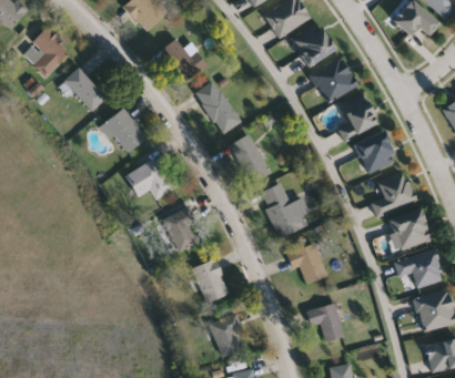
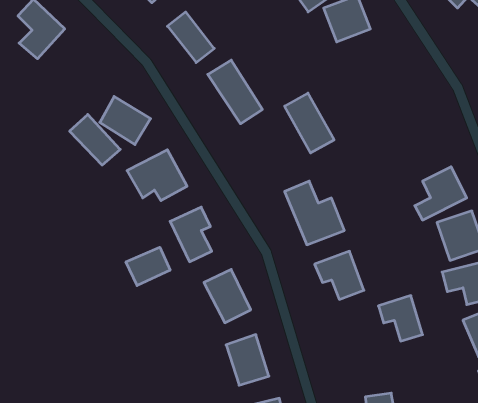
building: [310,57,357,103] -> none
building: [63,68,107,111] -> [70,114,120,165]
building: [336,93,377,141] -> none
building: [354,130,397,174] -> none
building: [229,133,271,184] -> [285,93,334,153]
building: none -> [126,247,170,286]
building: [306,303,344,341] -> [378,296,423,341]

